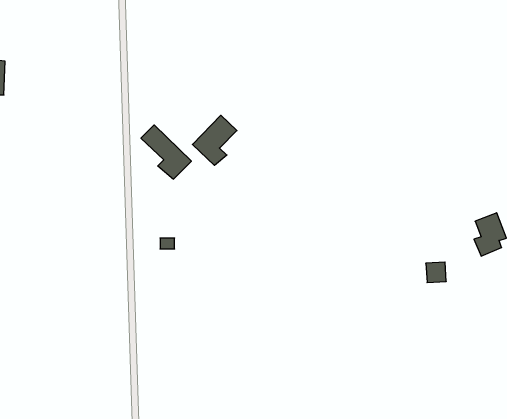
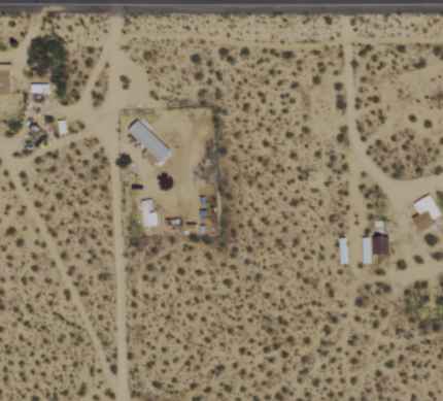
building: [192,115,237,165] -> none

